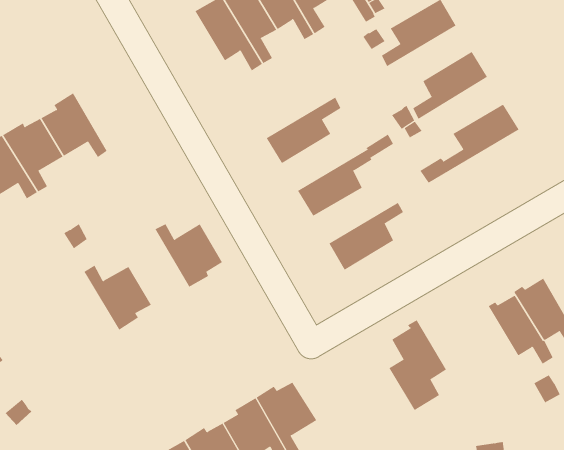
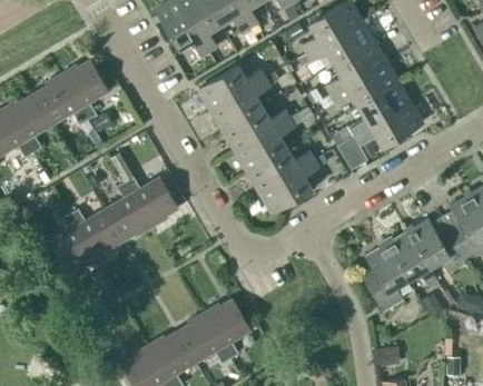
building: none -> [306,21,373,65]
building: none -> [61,60,109,119]
building: none -> [331,61,397,106]
building: none -> [199,65,266,109]
building: none -> [337,102,422,169]
building: none -> [224,106,290,150]
building: none -> [248,148,315,191]
building: none -> [105,180,151,239]
building: none -> [49,214,97,271]
building: [389,320,447,411] -> [363,240,408,311]

